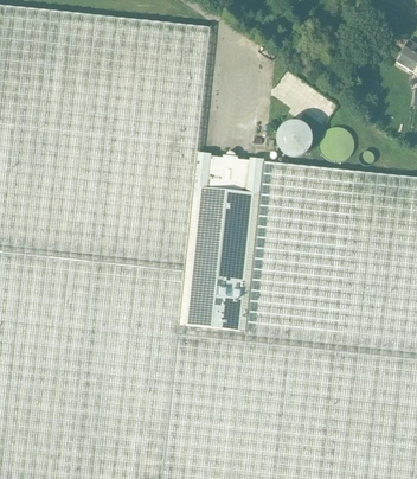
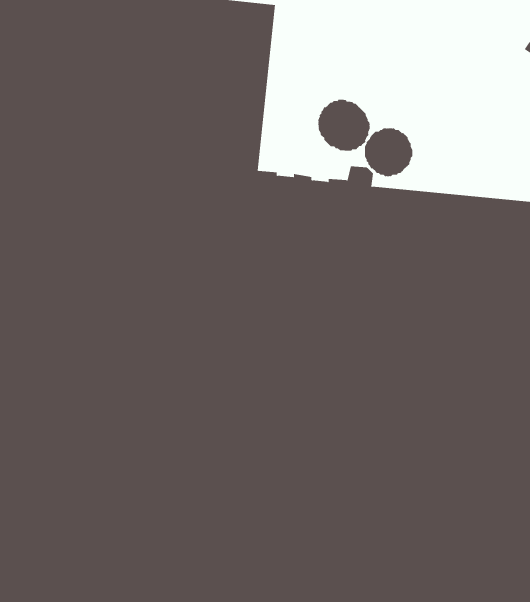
building: none -> [318,99,370,151]

